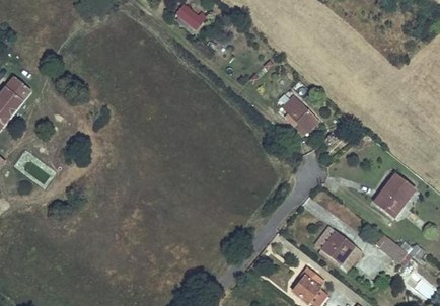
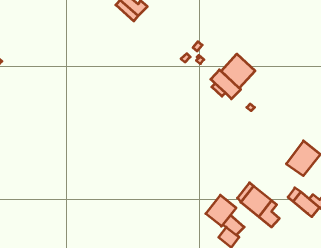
building: none -> [221,54,255,88]
building: none -> [206,195,236,226]

